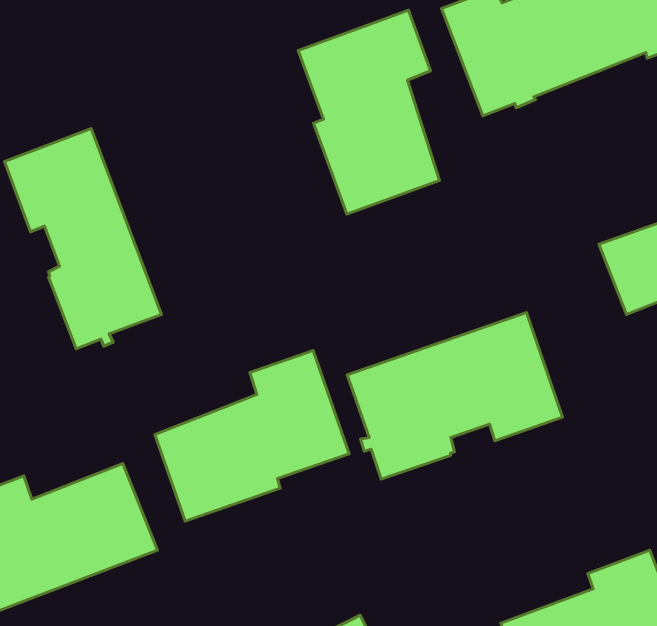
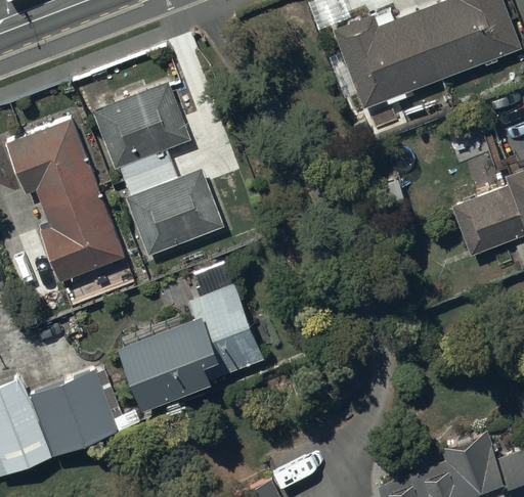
building: [298,10,439,214] -> none
building: none -> [92,83,224,256]
building: [347,313,562,479] -> none

